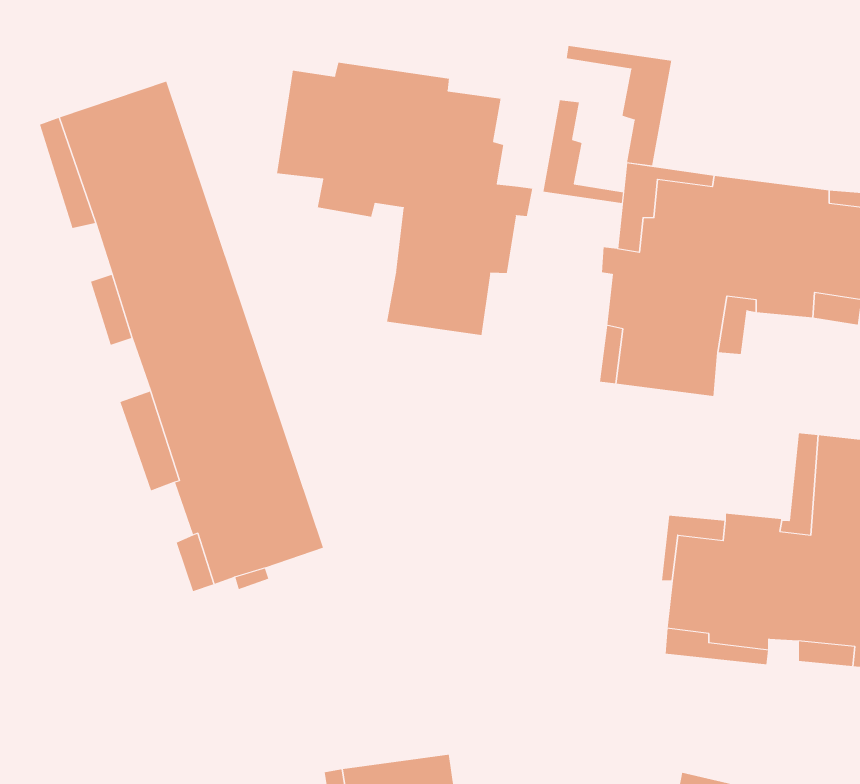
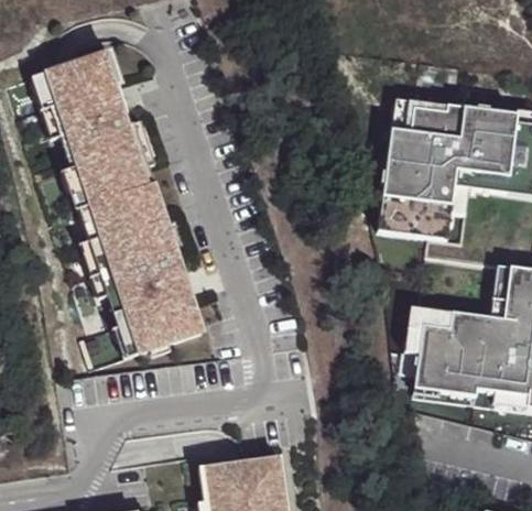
building: [566,45,672,166] -> none
building: [277,62,533,336] -> none
building: [543,100,624,204] -> none

